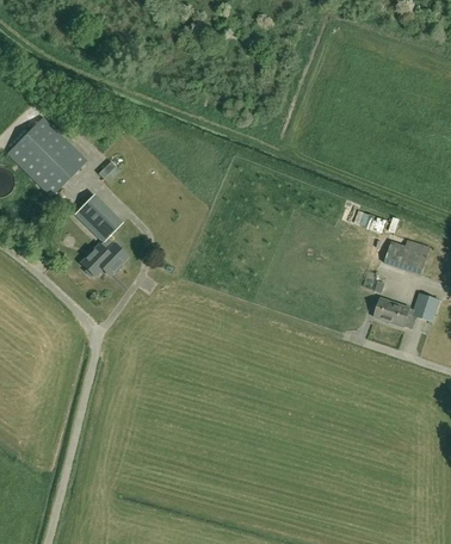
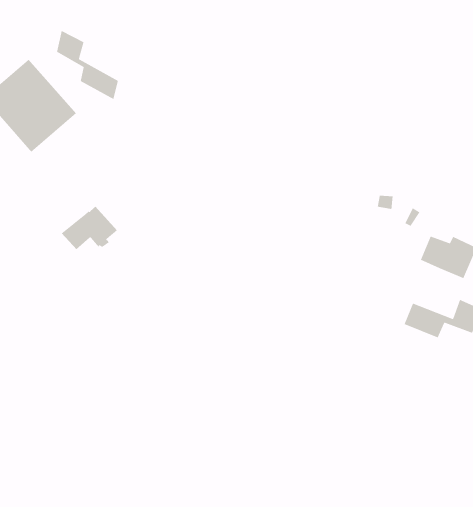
building: none -> [56,30,119,100]
building: [74,196,118,240] -> none

